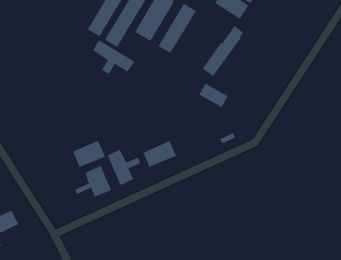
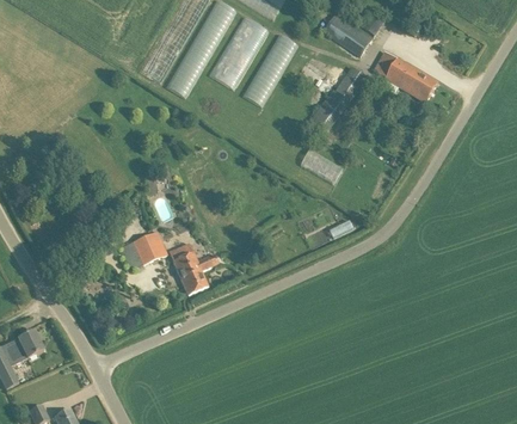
building: none -> [373,51,437,102]
building: [92,40,135,74] -> none
building: [143,140,177,168] -> none
building: [74,165,112,198] -> none

